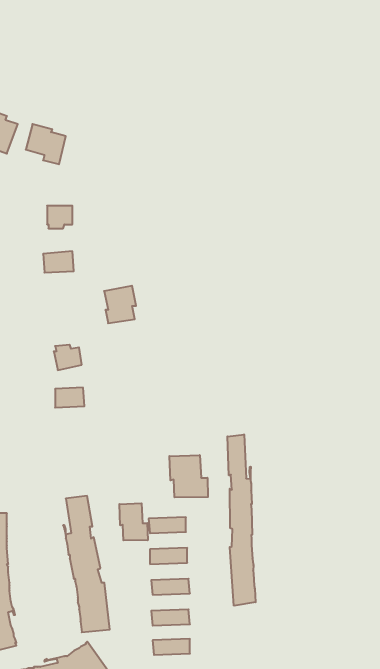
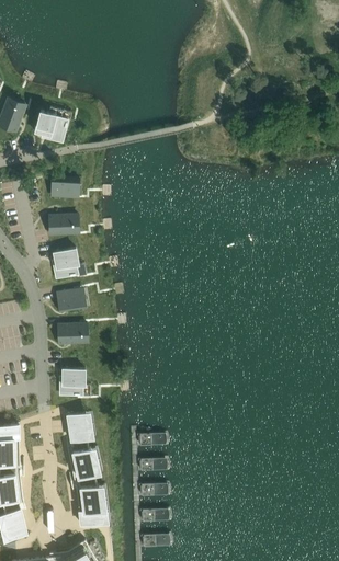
building: [104,286,136,323] -> [54,247,80,277]
building: [227,434,256,606] -> none
building: none -> [60,368,86,394]
building: [169,455,208,497] -> none
building: [119,503,148,540] -> none

